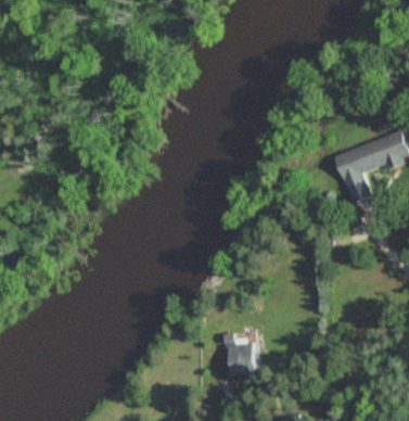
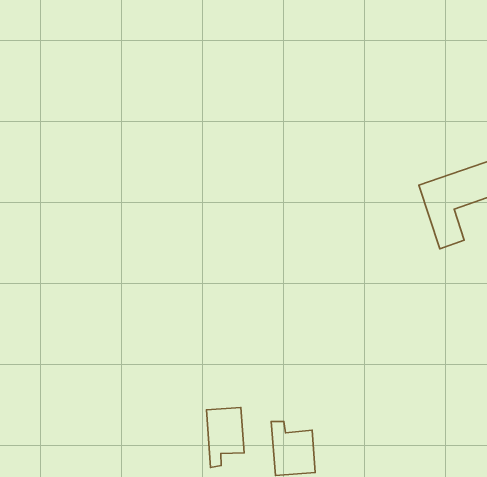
building: none -> [207,407,244,467]

